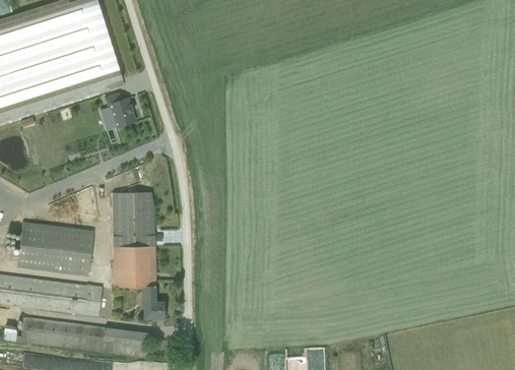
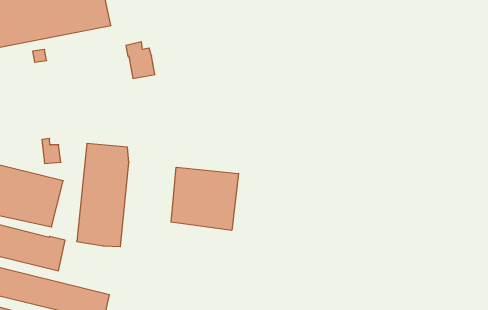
building: [105,92,135,128] -> [126,42,155,78]
building: none -> [171,167,238,230]
building: [138,287,164,319] -> none

